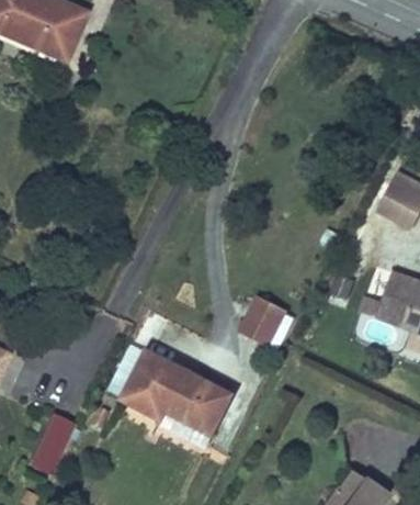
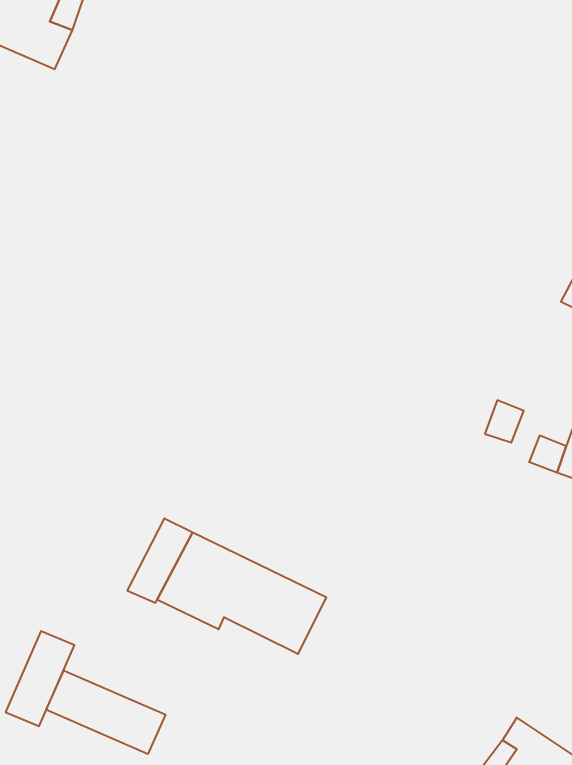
building: [241,298,284,341] -> none
building: none -> [46,670,165,754]

